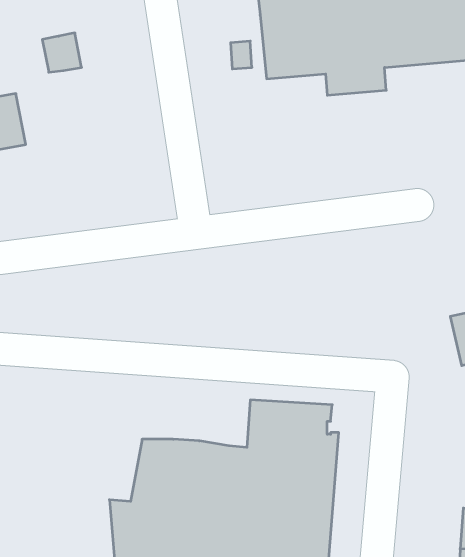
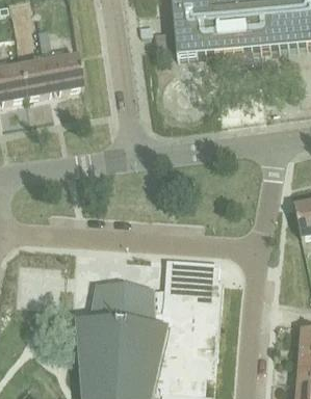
building: none -> [19,51,83,95]

